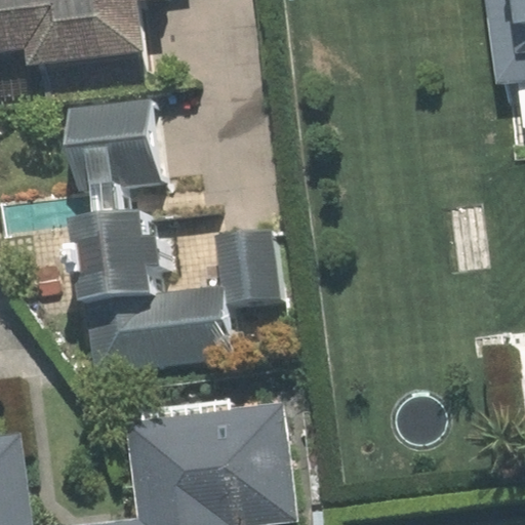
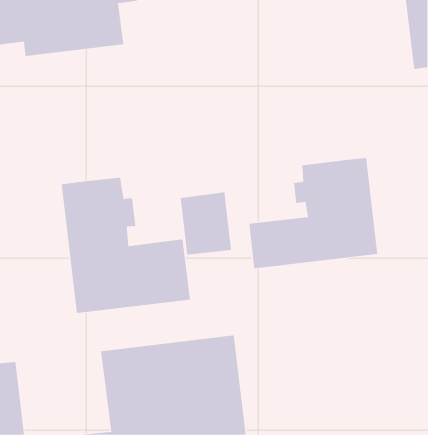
building: [68,97,160,193] -> none
building: none -> [249,157,378,269]

